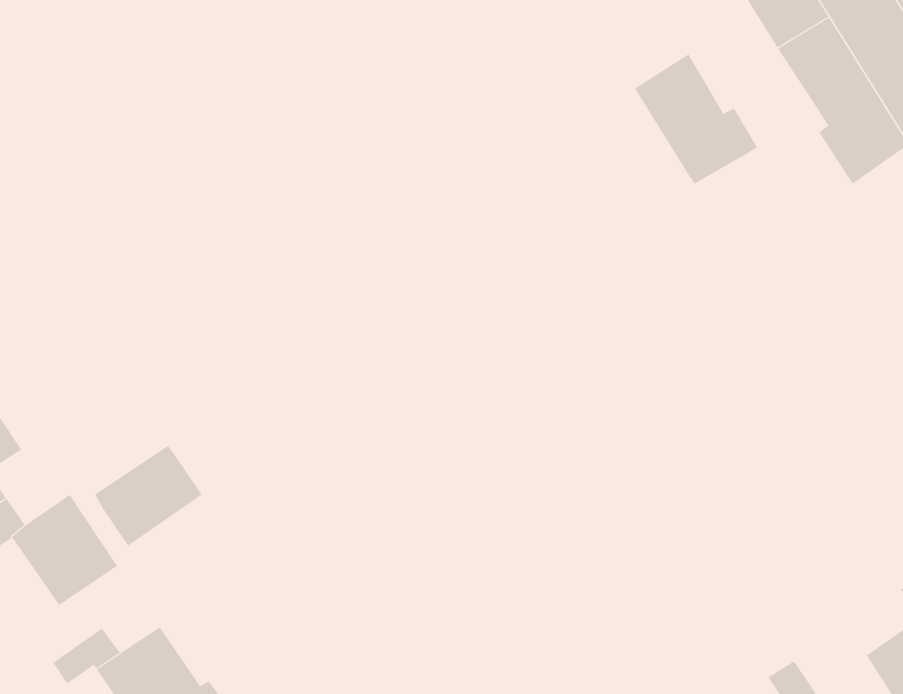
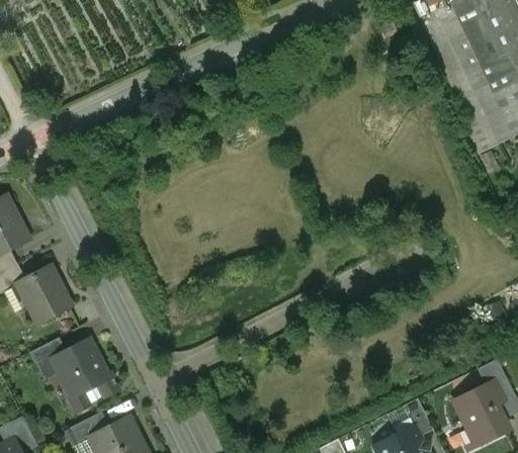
building: [634,54,758,184] -> none
building: [95,445,202,547] -> none

